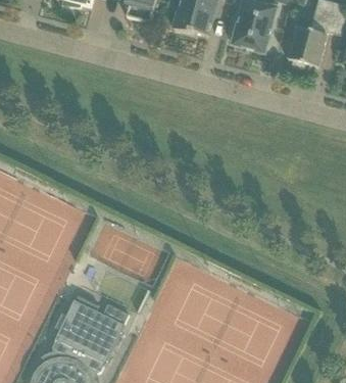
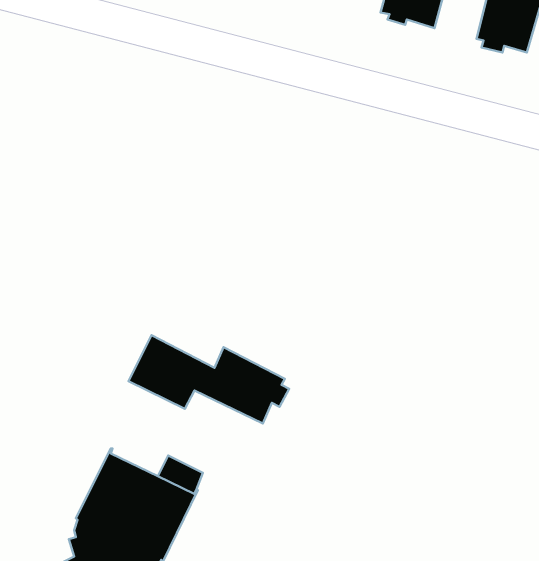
building: none -> [128,335,289,423]

